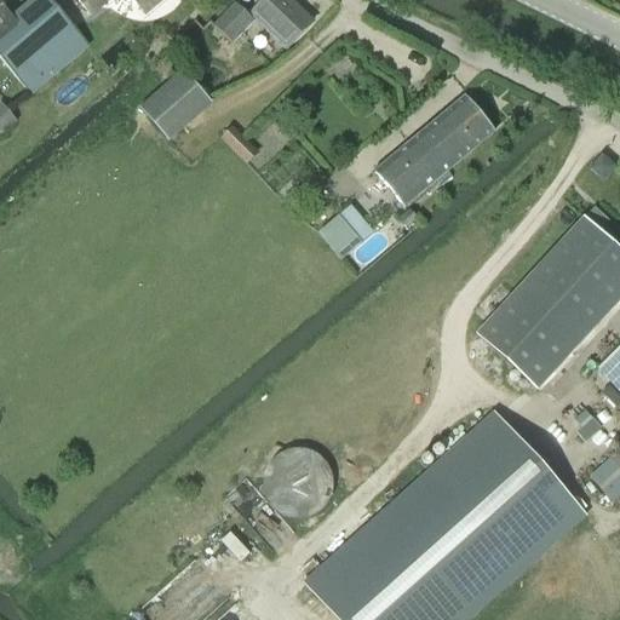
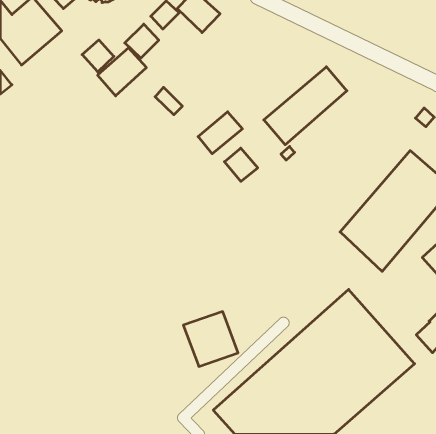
building: none -> [125,24,159,58]
building: none -> [82,40,114,72]
building: none -> [198,112,242,154]

